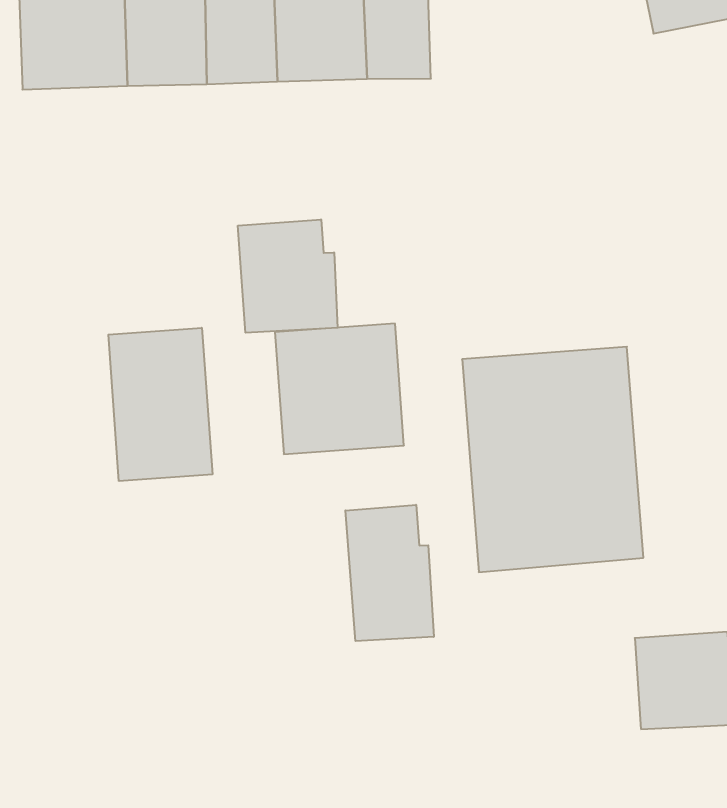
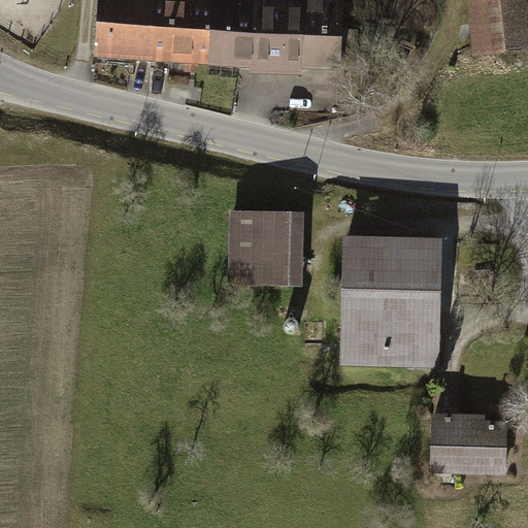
building: [238,219,338,333] -> none
building: [108,328,212,481] -> none
building: [345,505,434,641] -> none

